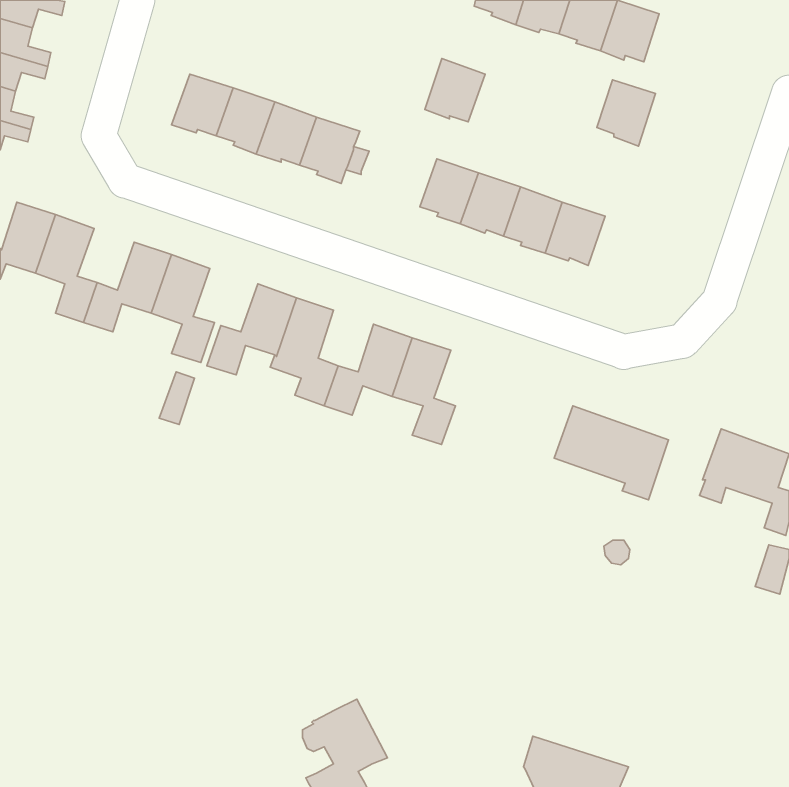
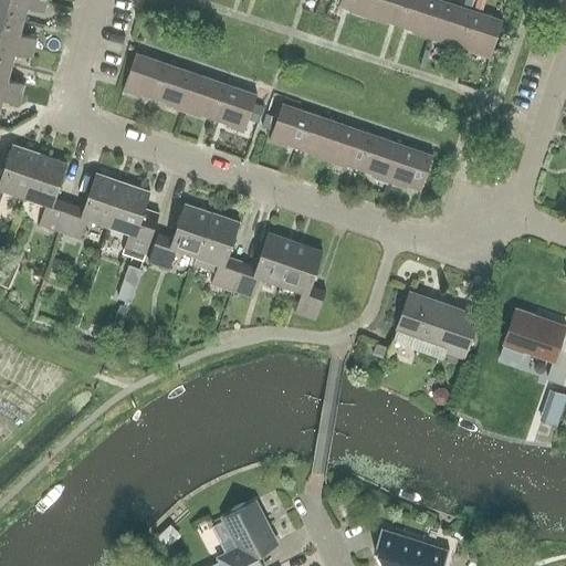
building: [425,59,485,122] -> [270,104,313,149]
building: [597,80,656,146] -> [461,11,503,59]

